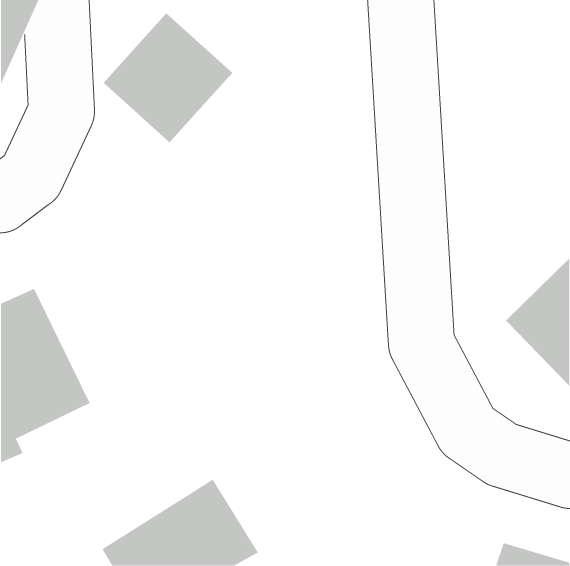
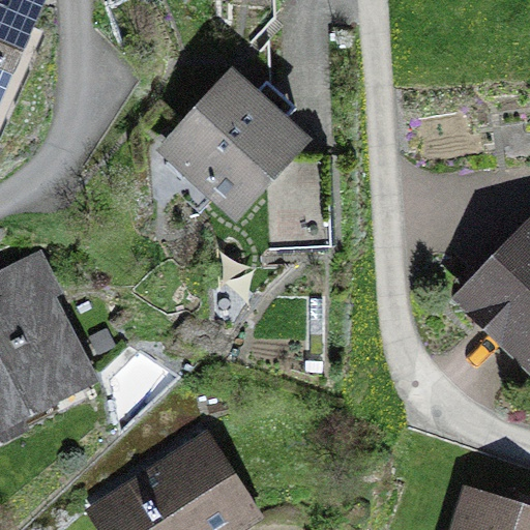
building: [103,13,233,143] -> [175,84,296,205]

